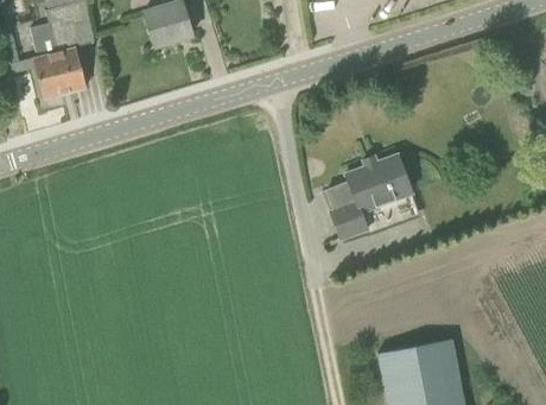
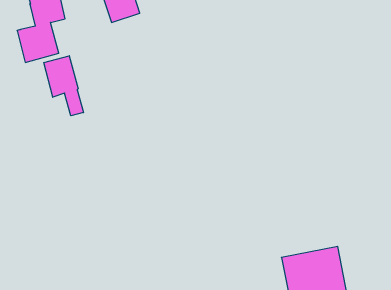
building: none -> [44,56,83,116]
building: [322,156,412,240] -> none

